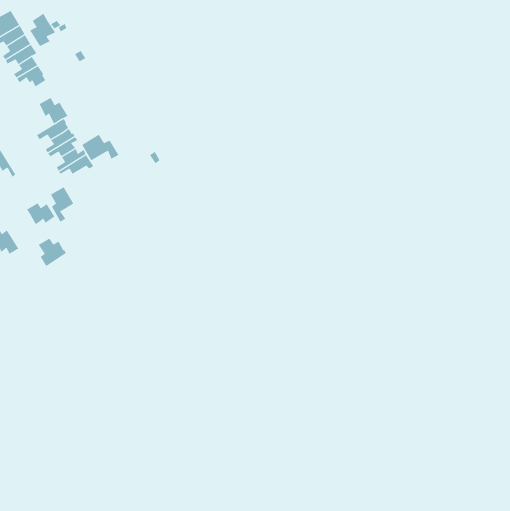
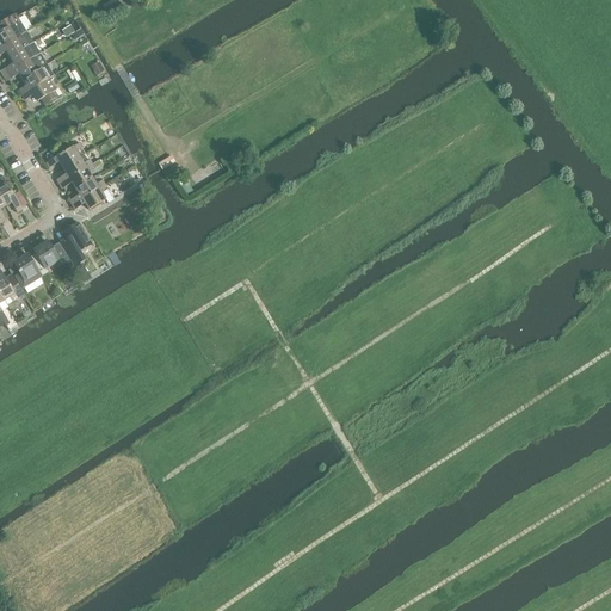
building: [30,13,55,47] -> none
building: [39,97,68,124] -> none
building: [81,134,119,161] -> none
building: [38,238,67,267] -> [11,253,45,288]

